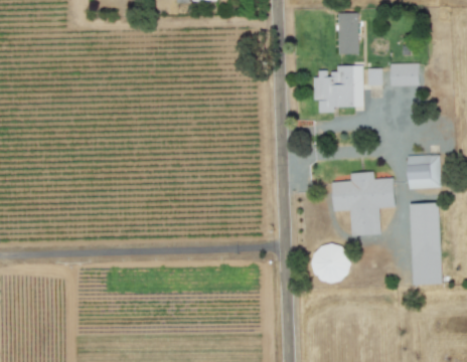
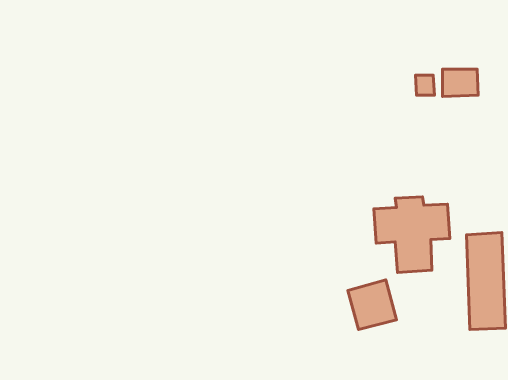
building: [337,13,358,54] -> none
building: [313,65,363,113] -> none
building: [407,155,440,189] -> none

